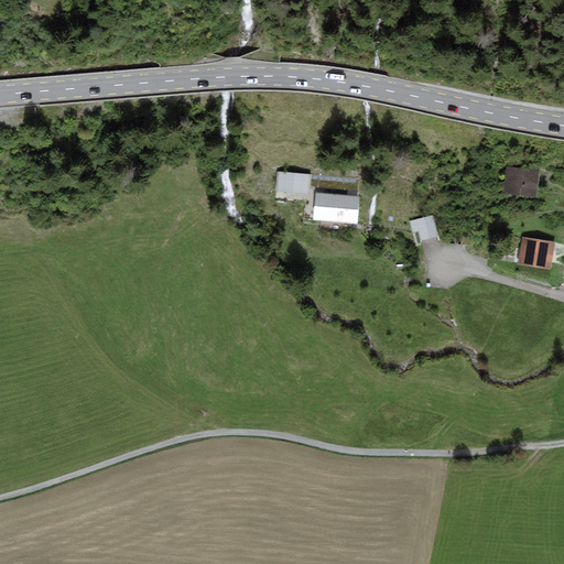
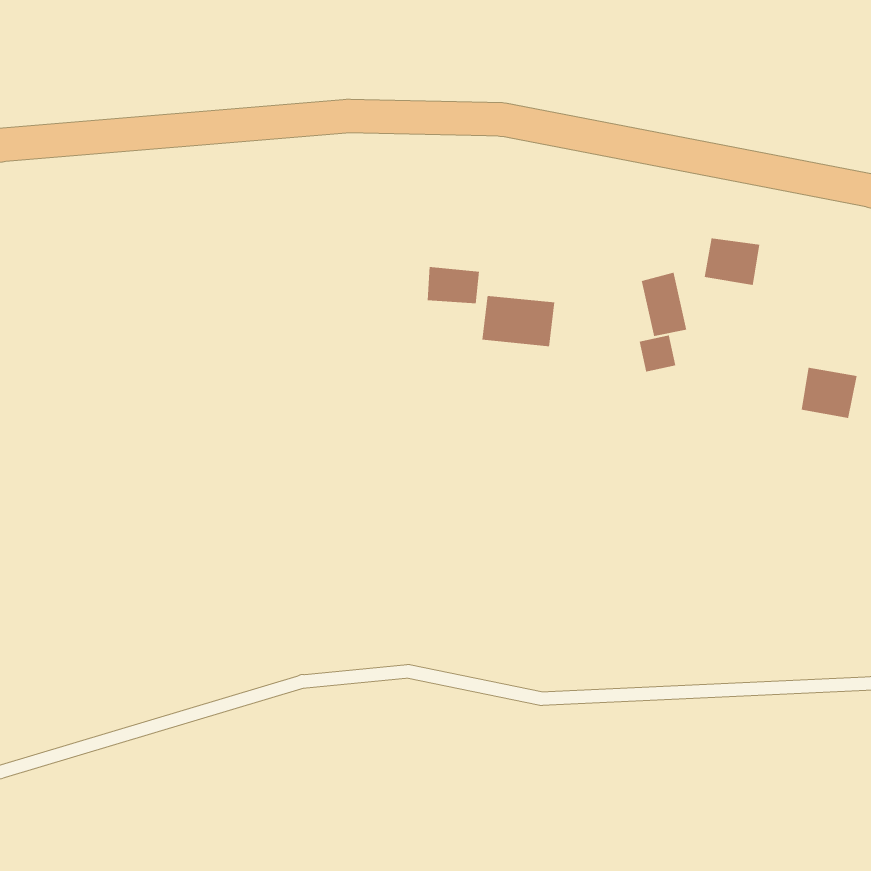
building: [502,166,539,197] -> [704,238,760,286]
building: none -> [641,272,687,337]

